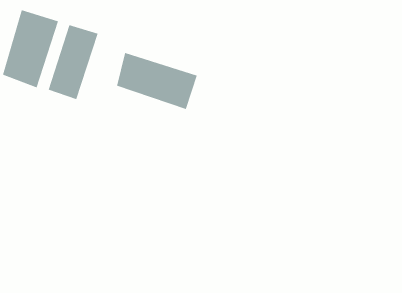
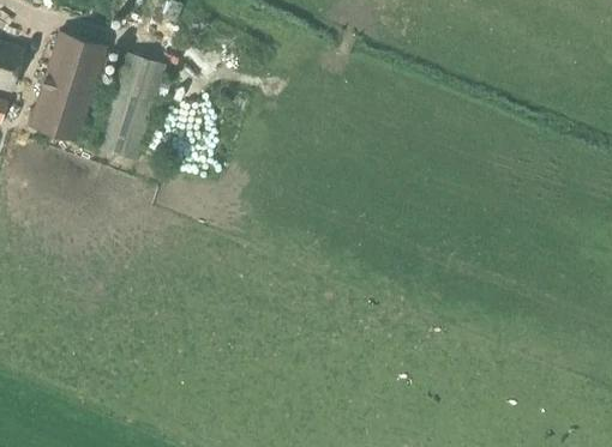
building: [116,52,197,110] -> none

